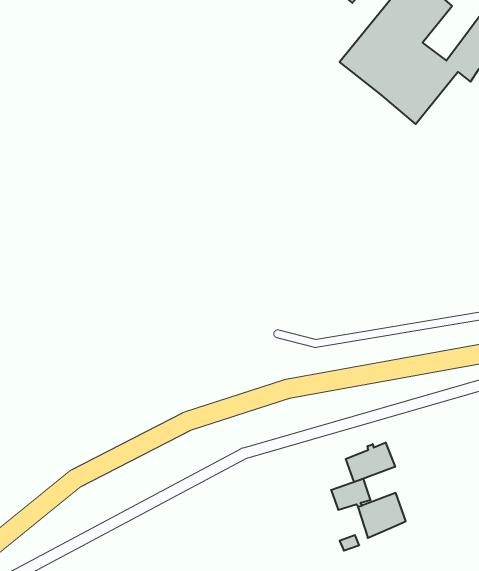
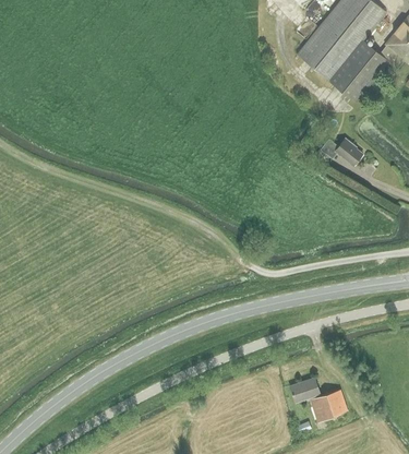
building: none -> [320,138,362,165]
building: [346,442,395,482] -> none

